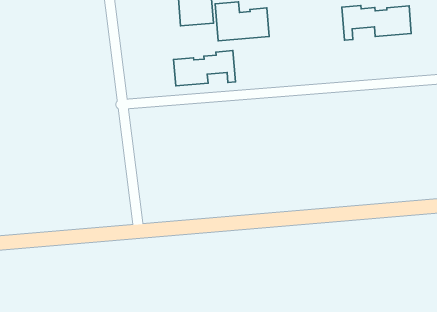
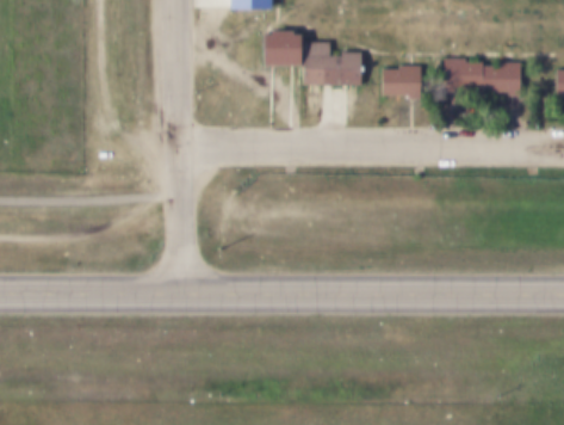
building: none -> [383,64,423,103]
building: [174,51,236,86] -> none

